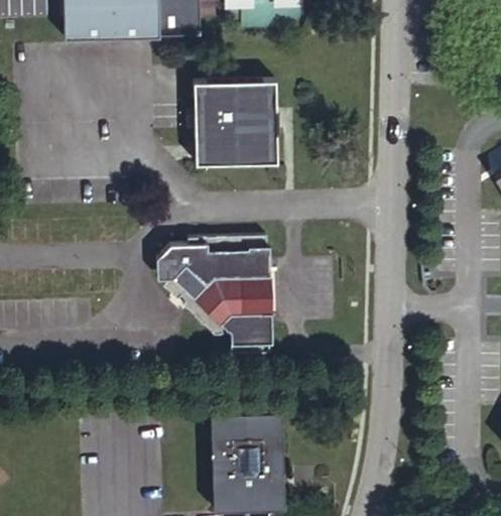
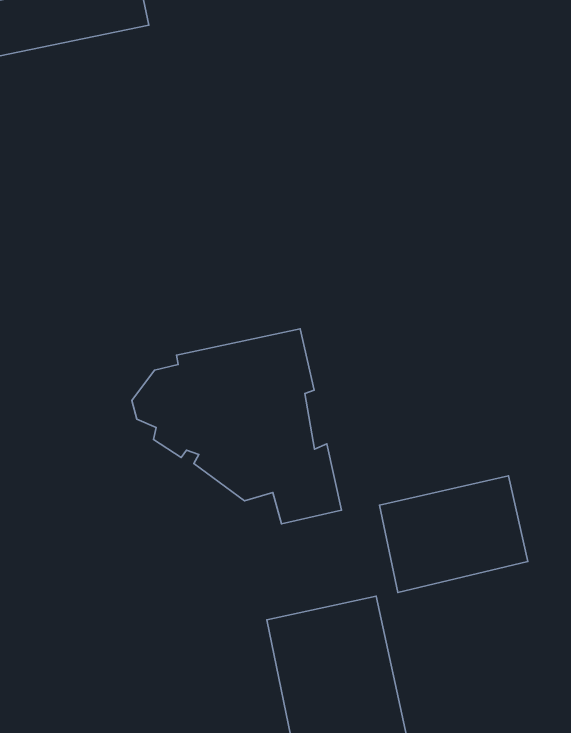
building: [192,80,280,162] -> none
building: none -> [379,476,528,593]

